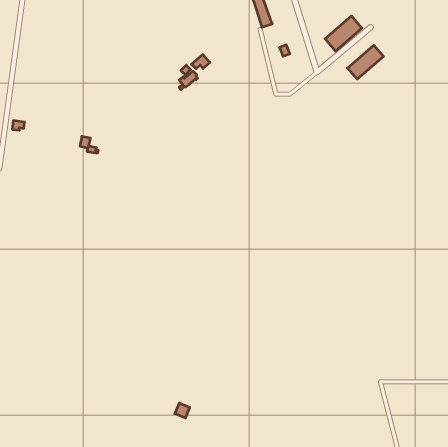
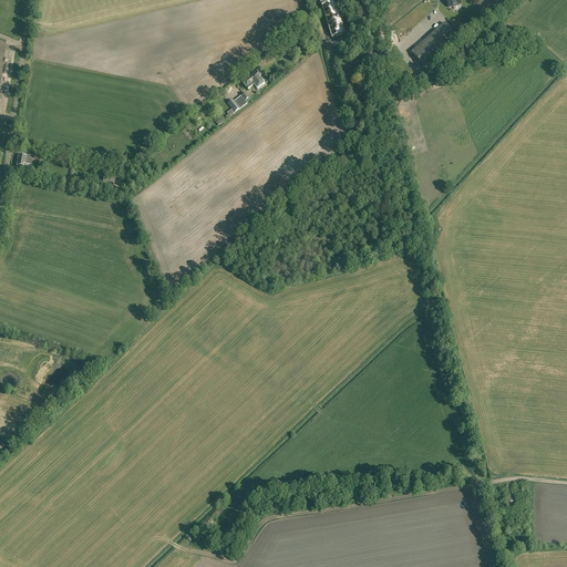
building: [347,45,383,79] -> none

